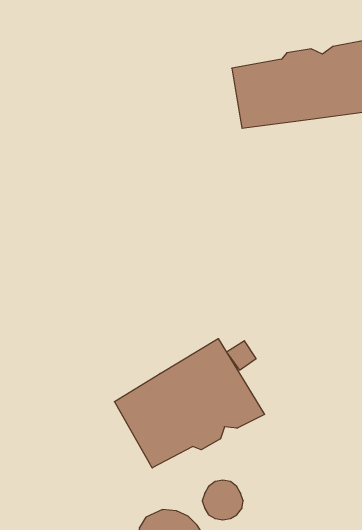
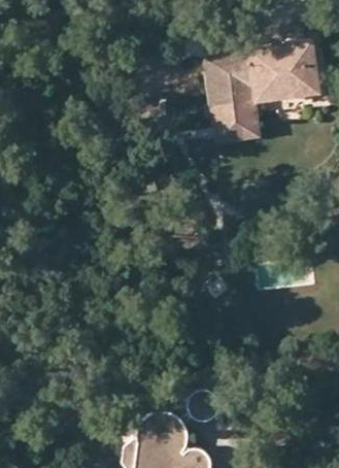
building: none -> [215,102,267,143]
building: [114,339,265,468] -> none

